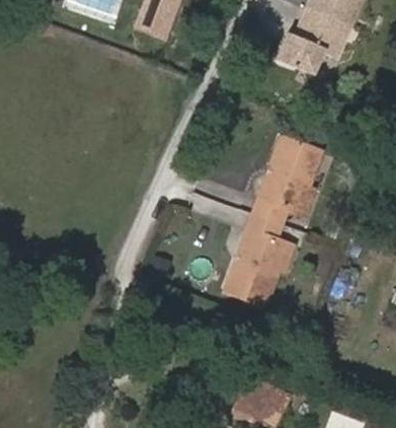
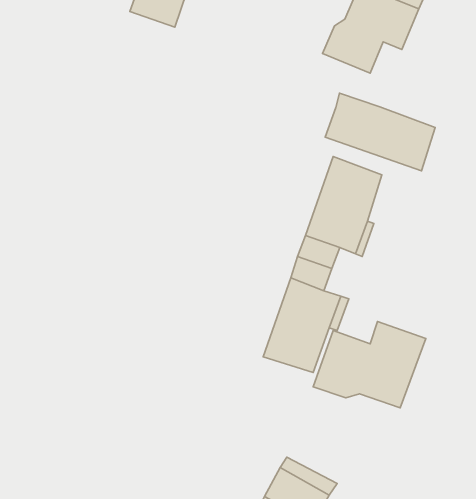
building: none -> [325,93,435,171]
building: none -> [313,322,426,408]

